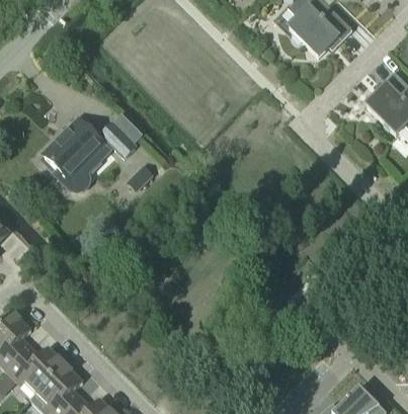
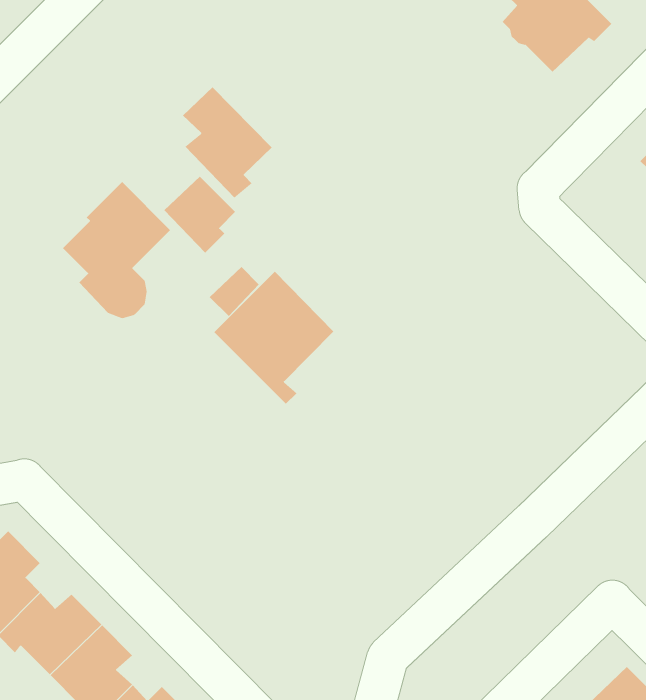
building: none -> [182,87,273,199]
building: none -> [214,271,334,404]

